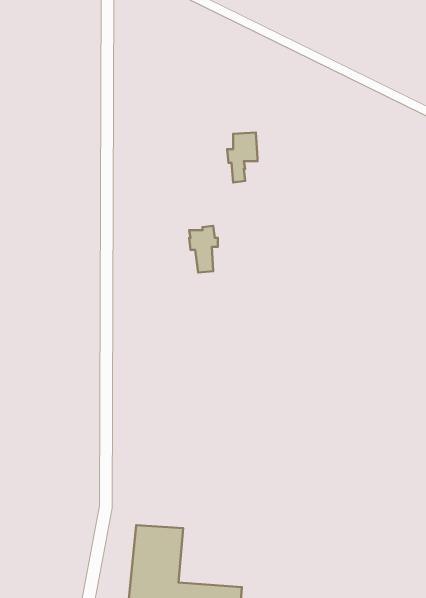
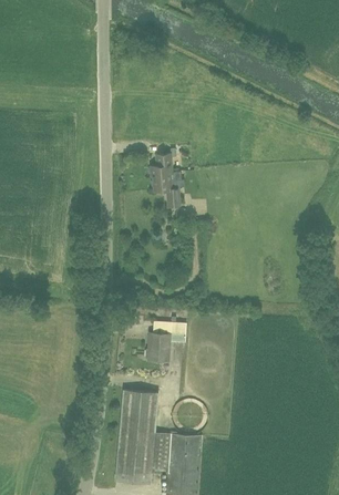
building: [227,132,257,182] -> [151,154,173,190]
building: none -> [146,321,186,362]

